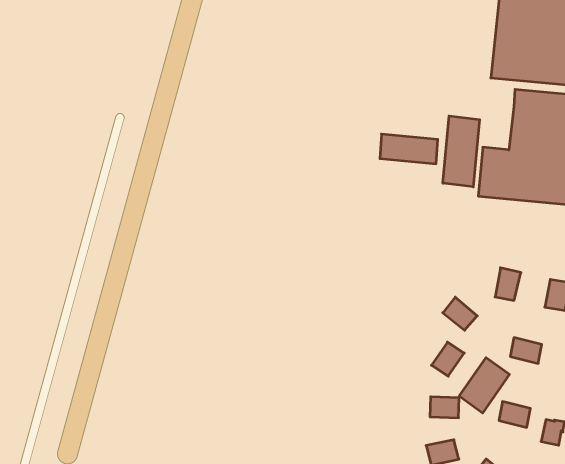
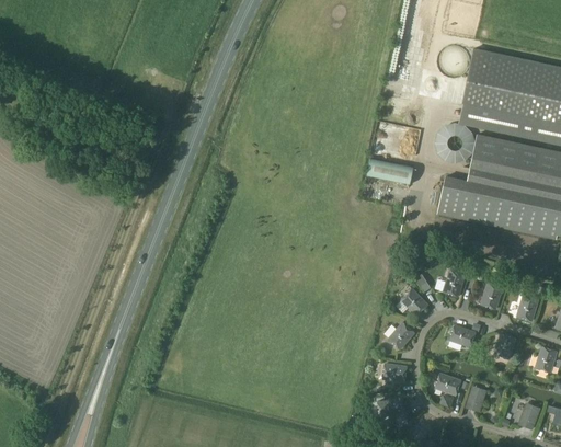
building: [443,116,480,187] -> none
building: [459,358,509,413] -> none

